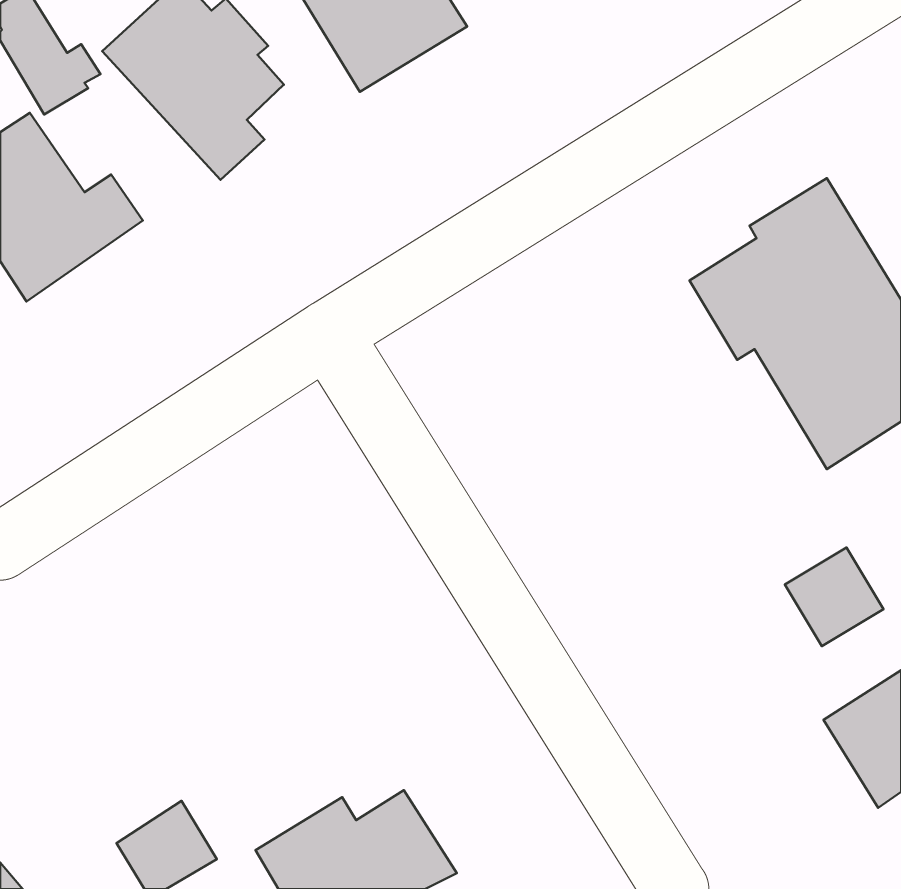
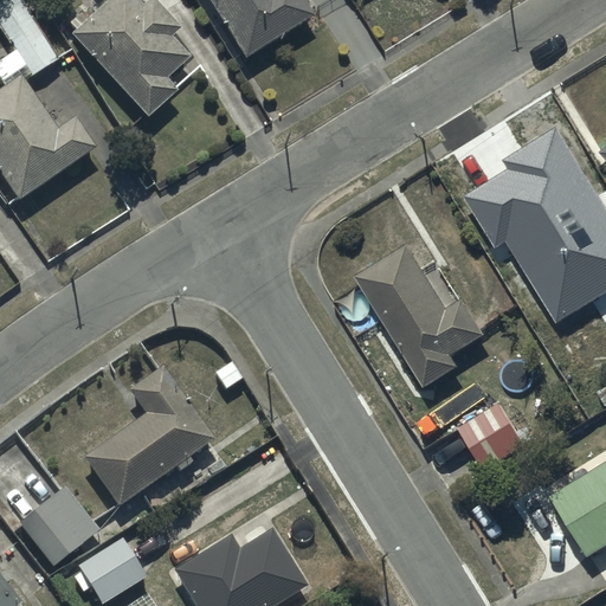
building: none -> [357,244,486,389]
building: none -> [83,367,214,508]
building: [785,547,883,646] -> [459,402,526,469]
building: none -> [15,485,98,567]

